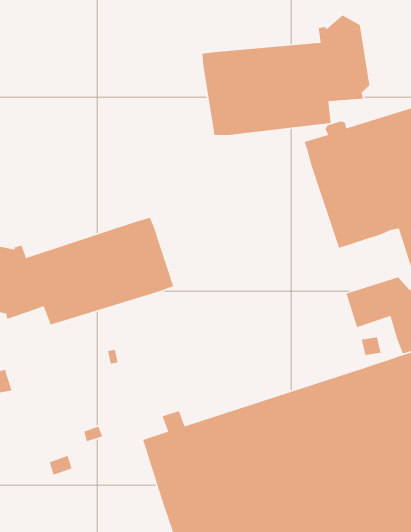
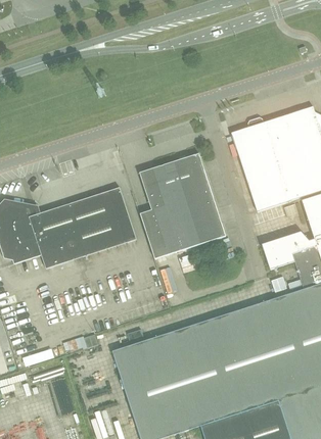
building: [202,14,370,136] -> none
building: none -> [140,153,226,257]

